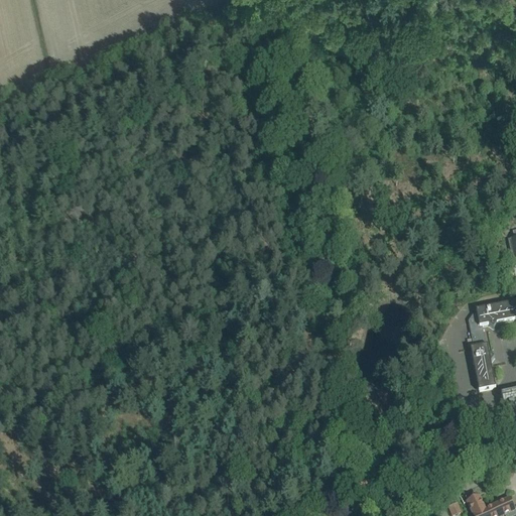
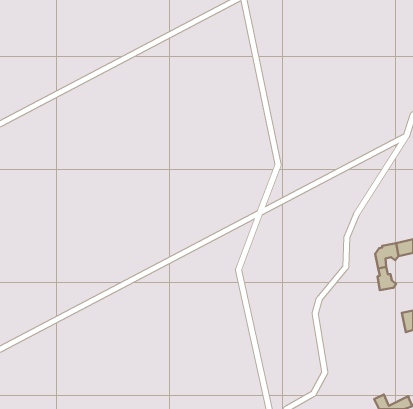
building: [474,359,495,387] -> none

